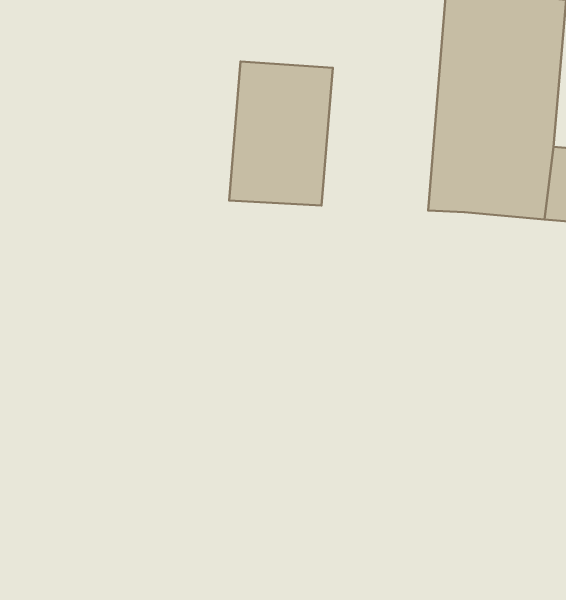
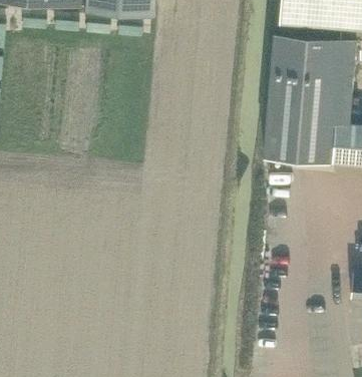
building: [229,61,333,206] -> none

